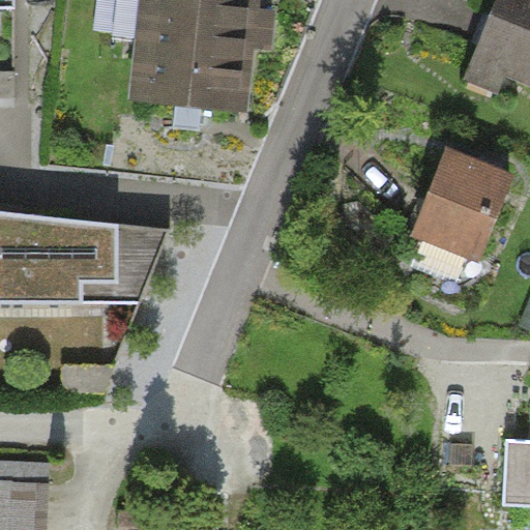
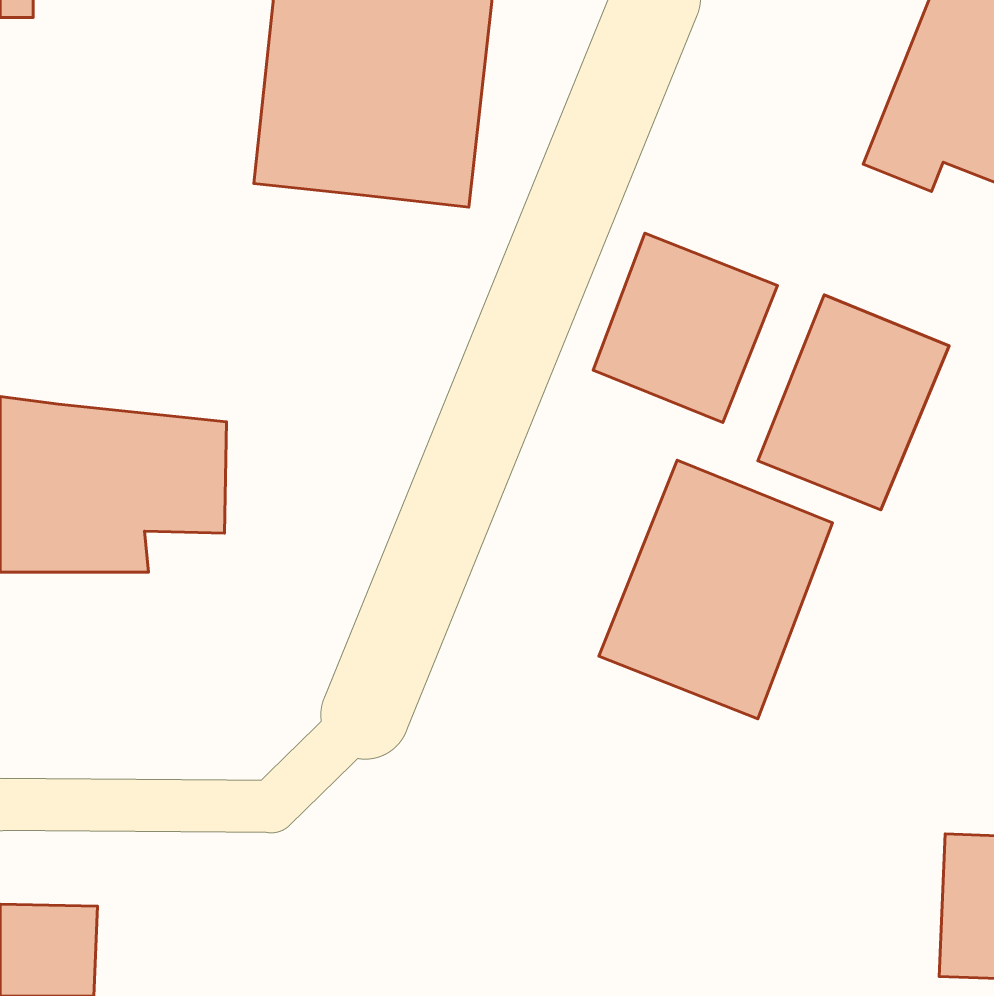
building: none -> [593,233,777,423]
building: none -> [599,460,833,719]

